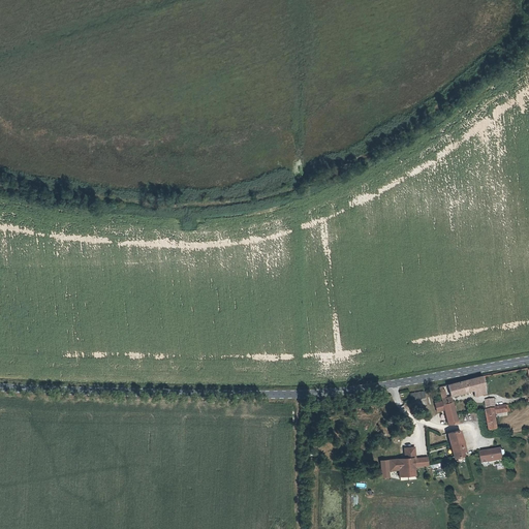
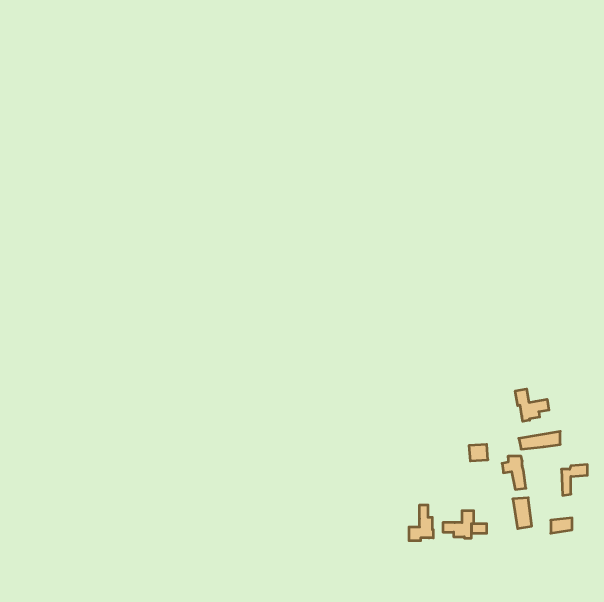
building: none -> [515,389,549,421]
building: none -> [409,505,433,541]

